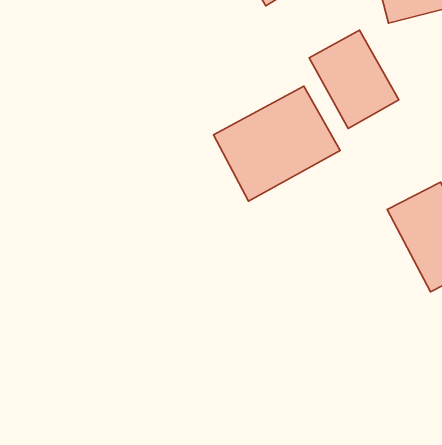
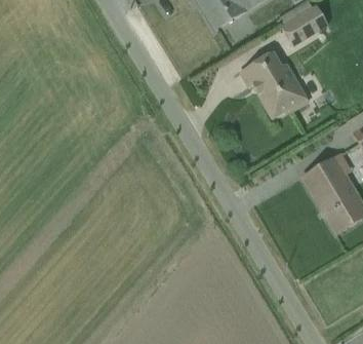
building: [213,86,340,201] -> none

